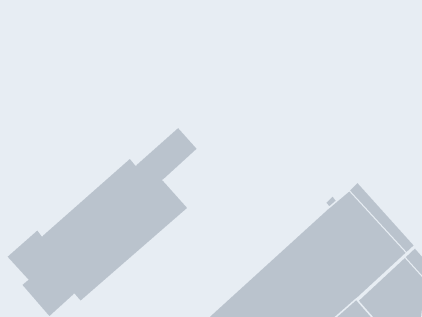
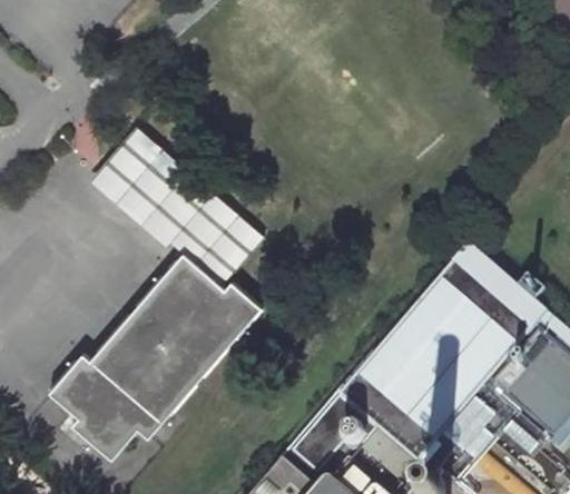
building: none -> [89,126,236,265]

